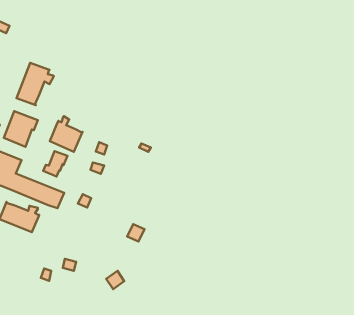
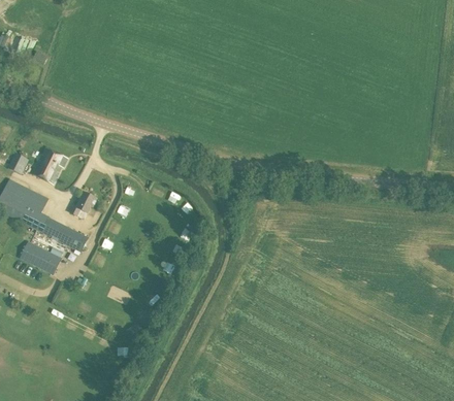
building: [16,63,54,105] -> none
building: [50,116,83,152] -> none

